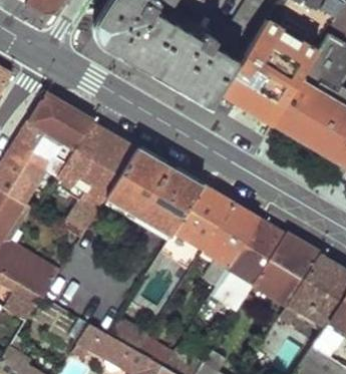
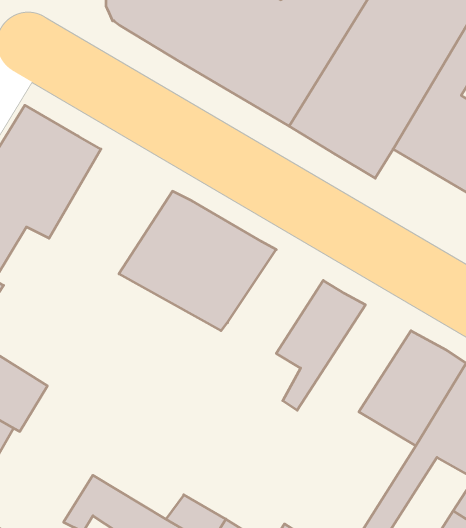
building: [56,121,137,235] -> none
building: [171,183,231,248] -> none
building: [215,218,285,301] -> none

